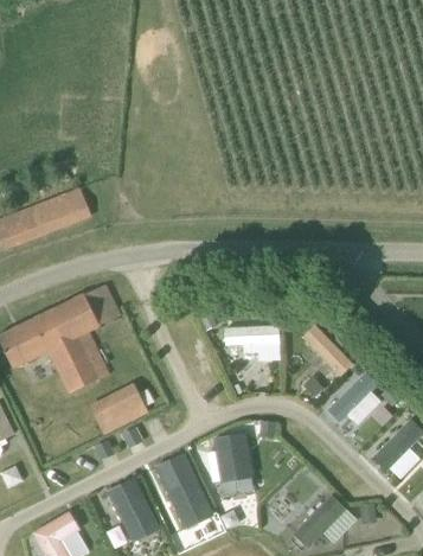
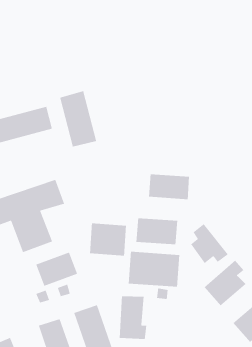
building: none -> [59,90,97,148]
building: none -> [148,173,190,200]
building: none -> [89,223,127,256]
building: none -> [128,251,180,288]

